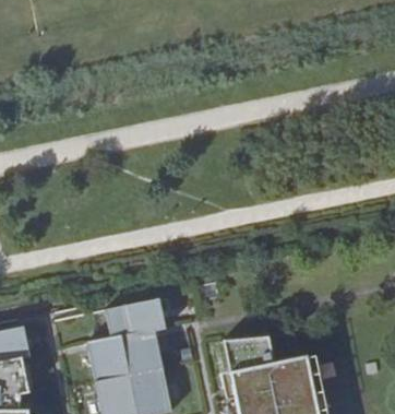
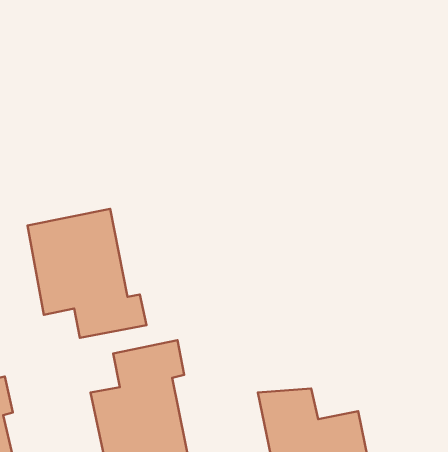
building: none -> [27,209,146,338]

